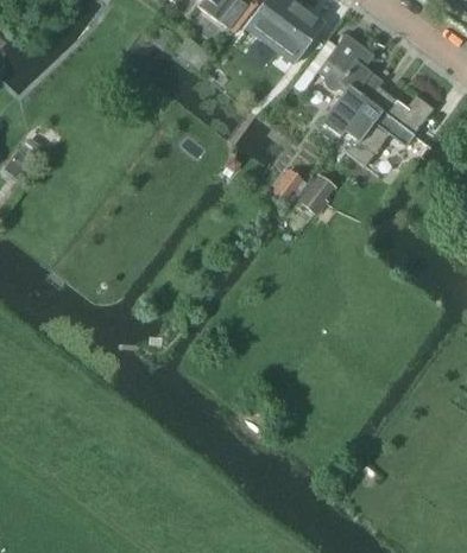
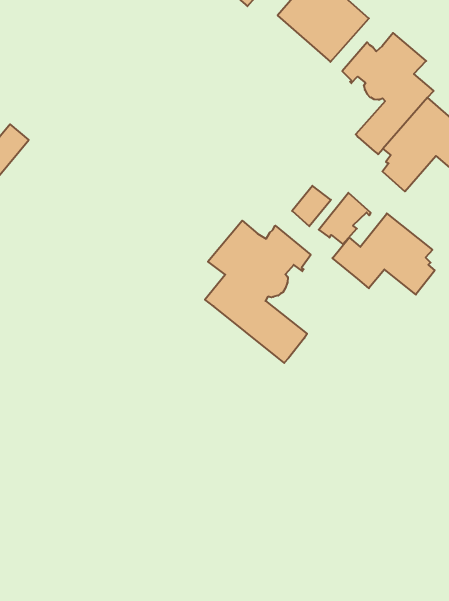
building: none -> [332,213,435,295]
building: none -> [205,221,311,363]

